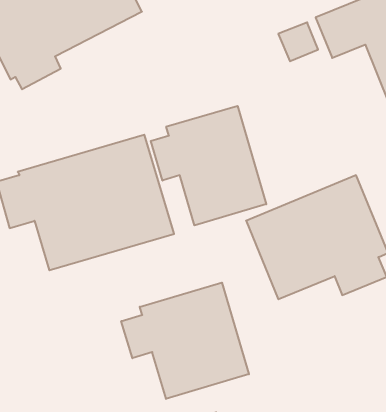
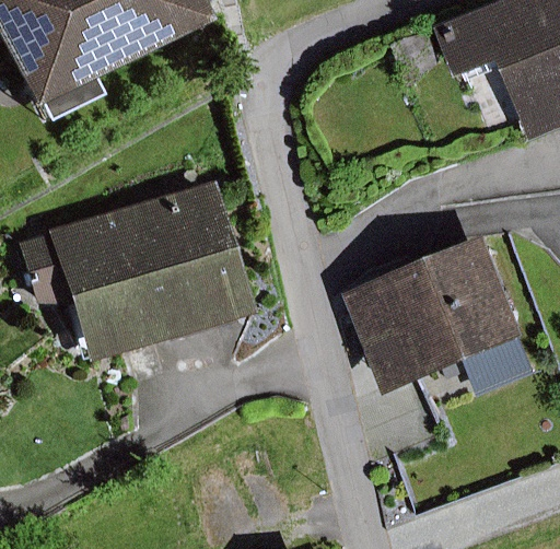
building: [151,106,266,225] -> none
building: [121,283,249,399] -> none

